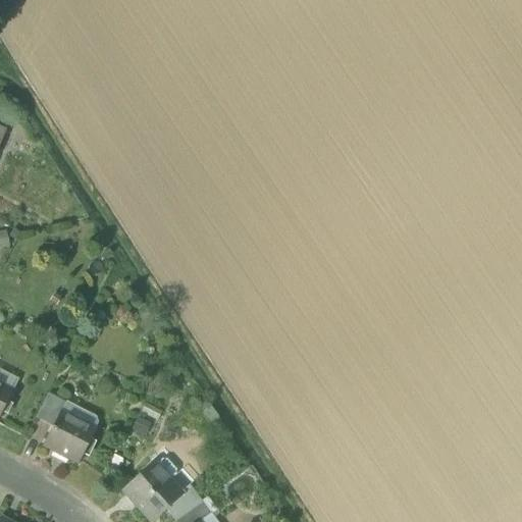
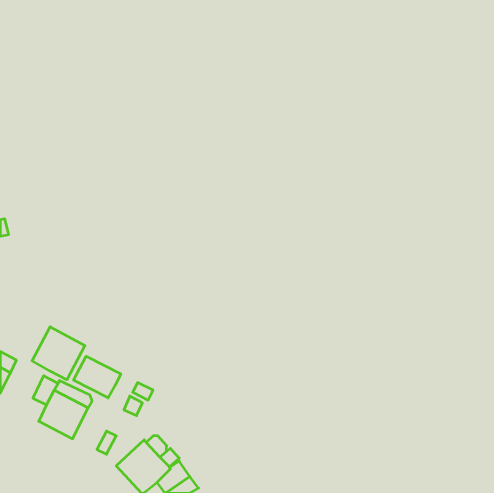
building: none -> [32,327,85,380]
building: none -> [74,356,121,398]

